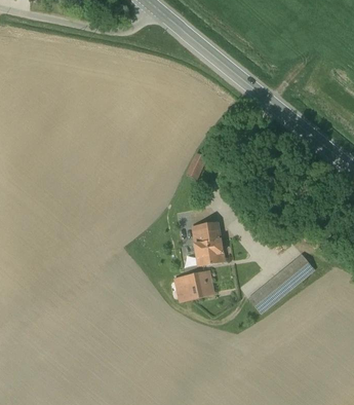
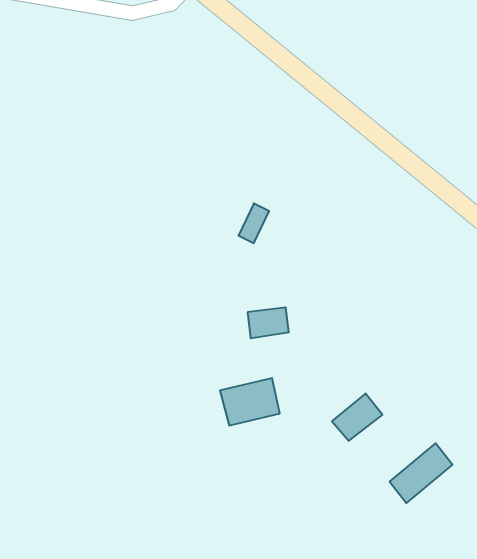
building: [195,238,225,265] -> none
building: [272,254,314,294] -> [390,443,452,503]

